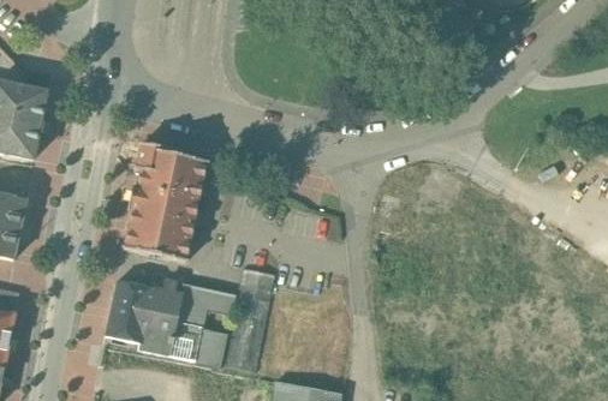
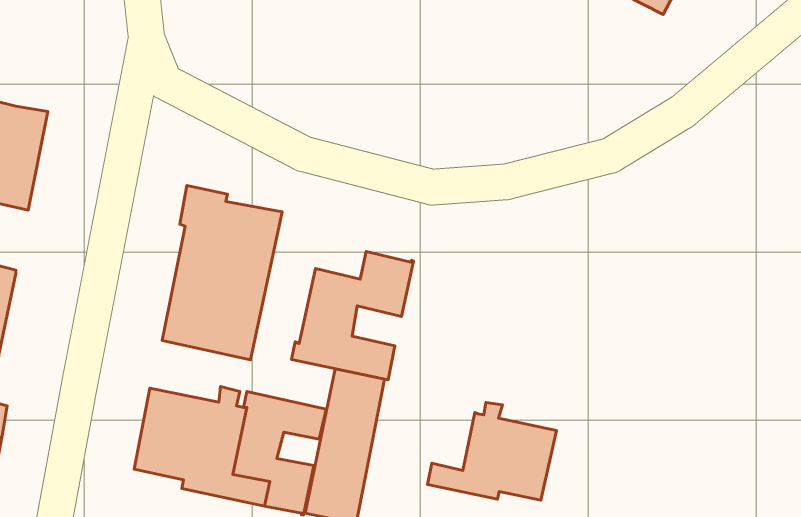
building: none -> [291,251,414,380]
building: none -> [428,402,556,500]

